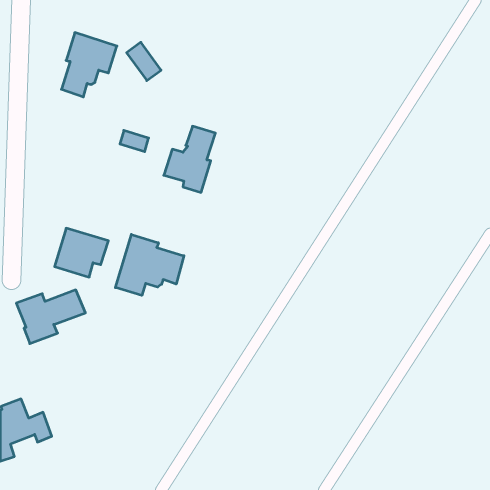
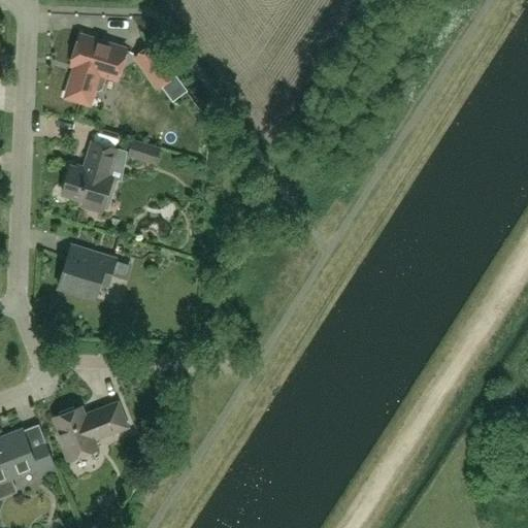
building: [164,126,215,192] -> [62,141,118,212]
building: [115,234,184,295] -> none
building: [16,290,85,344] -> [54,402,128,460]

